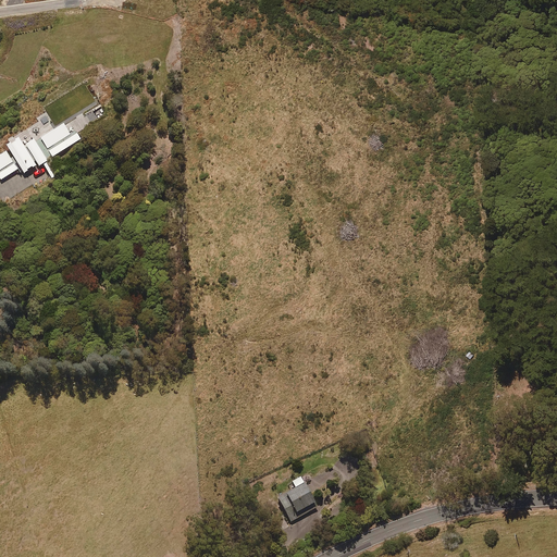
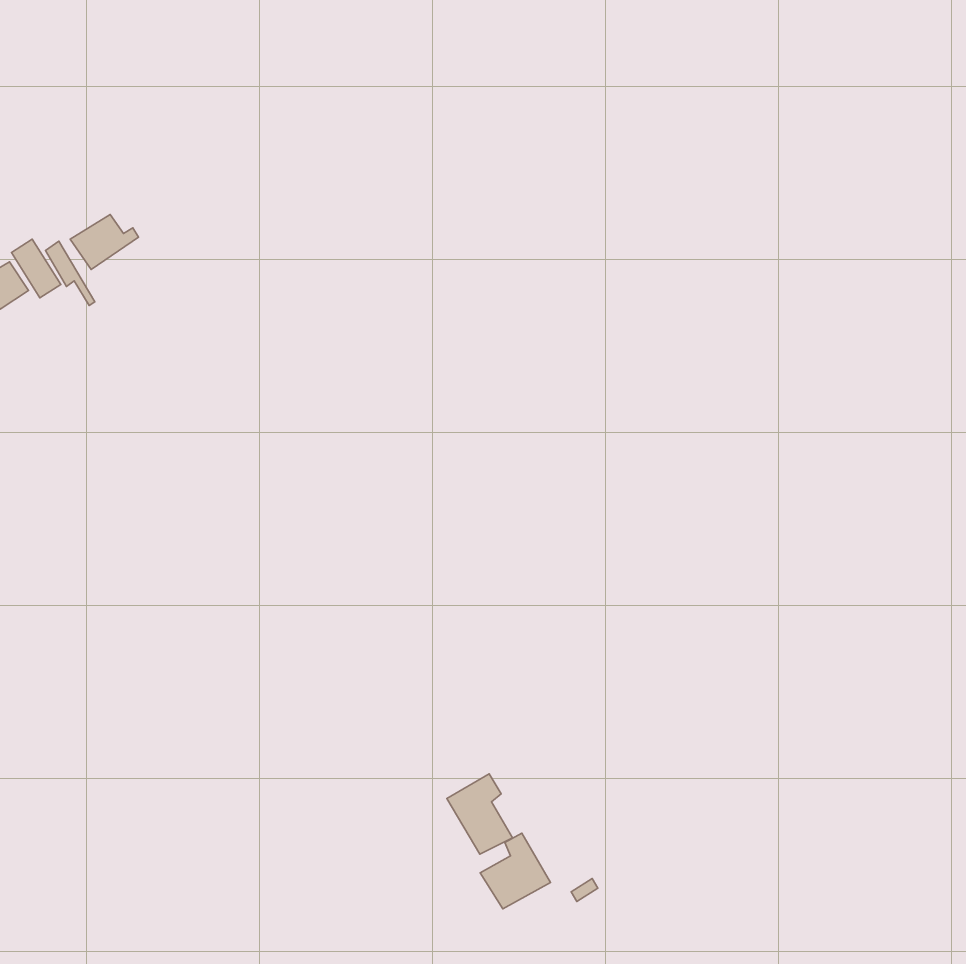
building: none -> [447,774,512,854]

